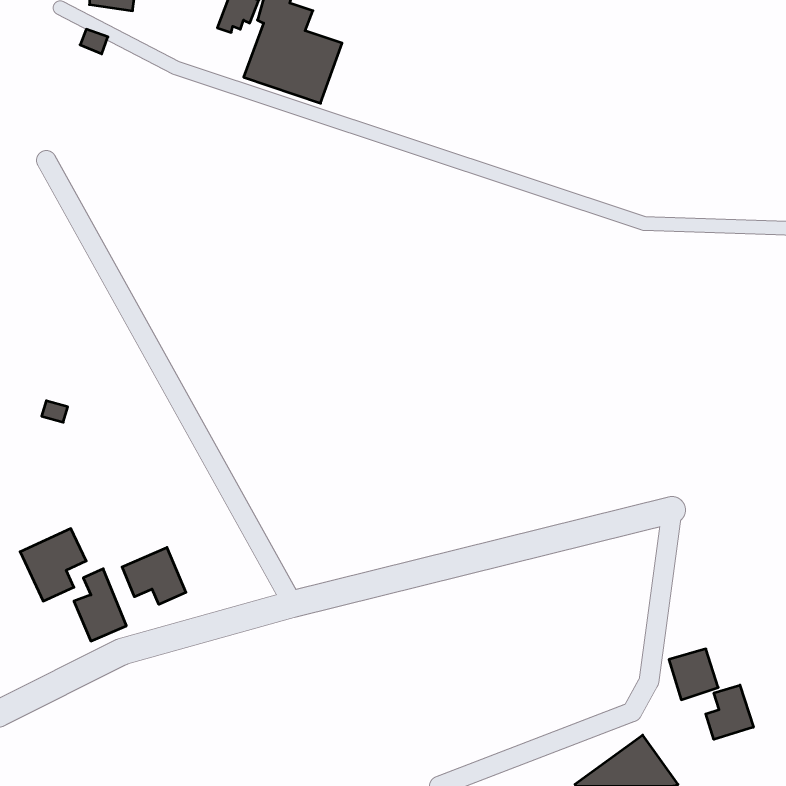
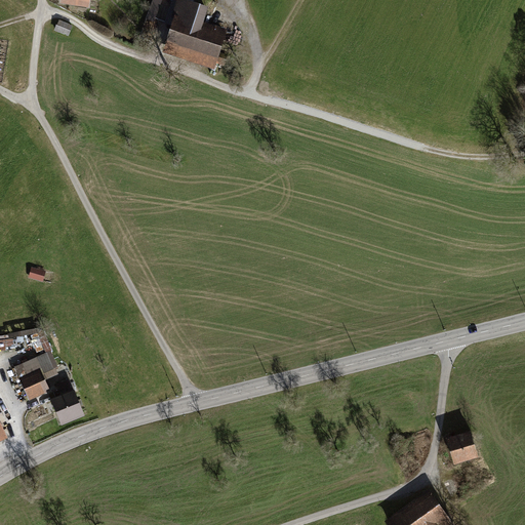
building: [122,547,186,604] -> none
building: [706,685,753,739] -> none

